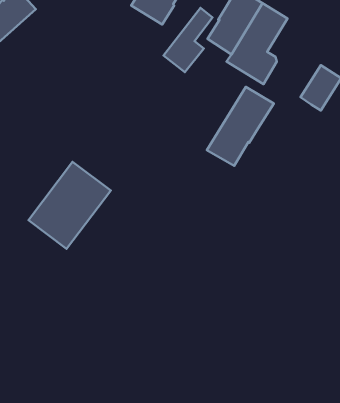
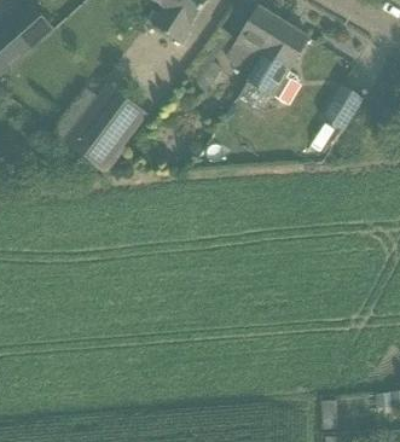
building: [207,87,274,166] -> none
building: [28,162,111,249] -> [64,86,147,174]

